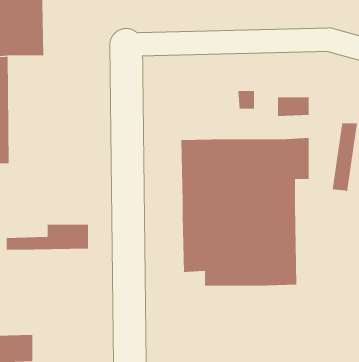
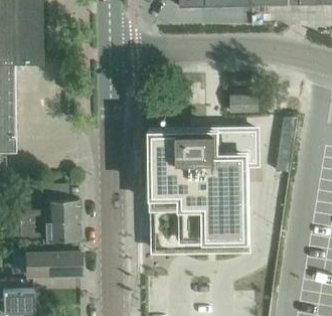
building: none -> [19,219,79,241]
building: none -> [25,251,80,275]

